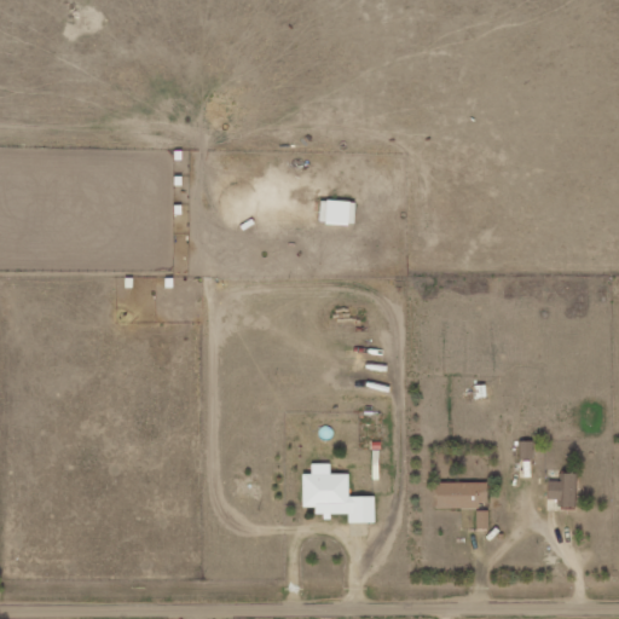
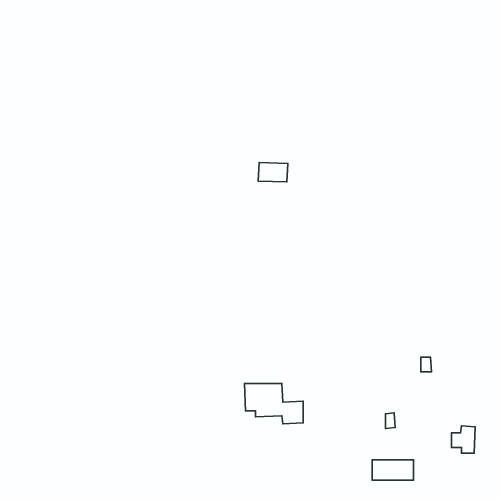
building: [548,473,577,507] -> [452,426,475,453]
building: [436,482,487,508] -> [372,460,413,480]

